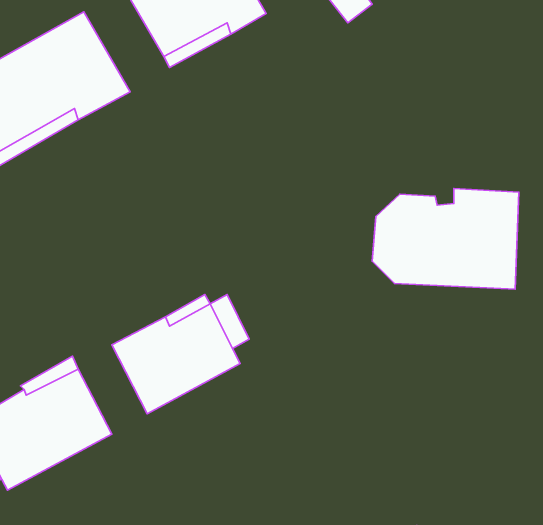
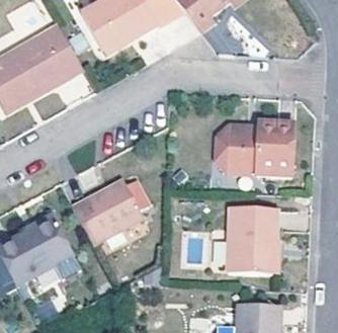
building: none -> [229,205,278,273]

